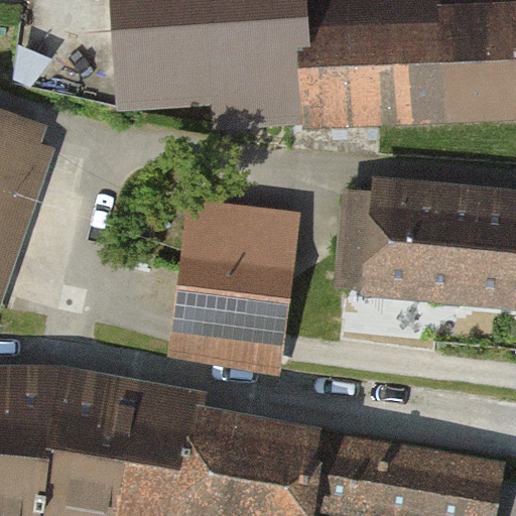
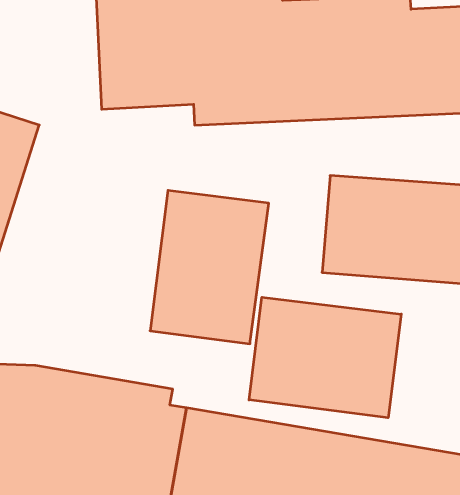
building: none -> [249,297,401,418]

